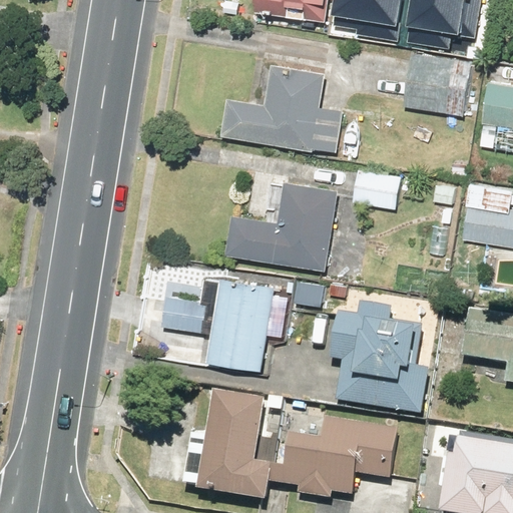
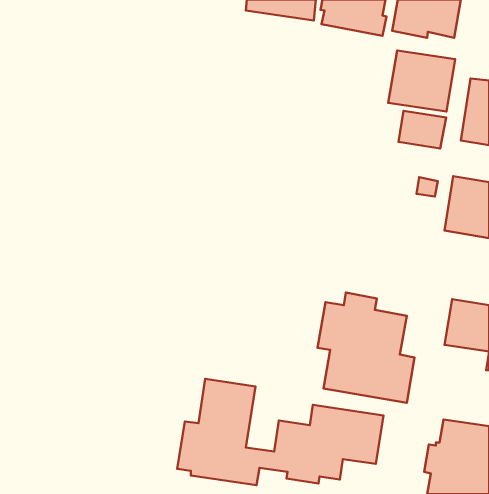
building: [219,64,342,151] -> none
building: [351,169,400,208] -> [399,111,446,149]
building: [225,180,338,271] -> none
building: [160,279,284,370] -> none

